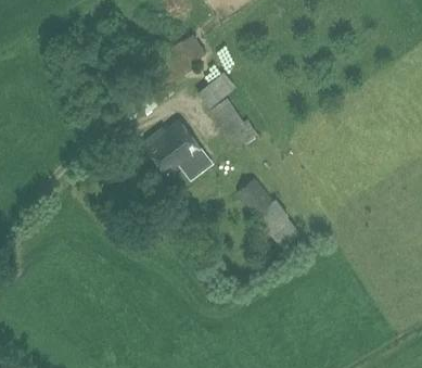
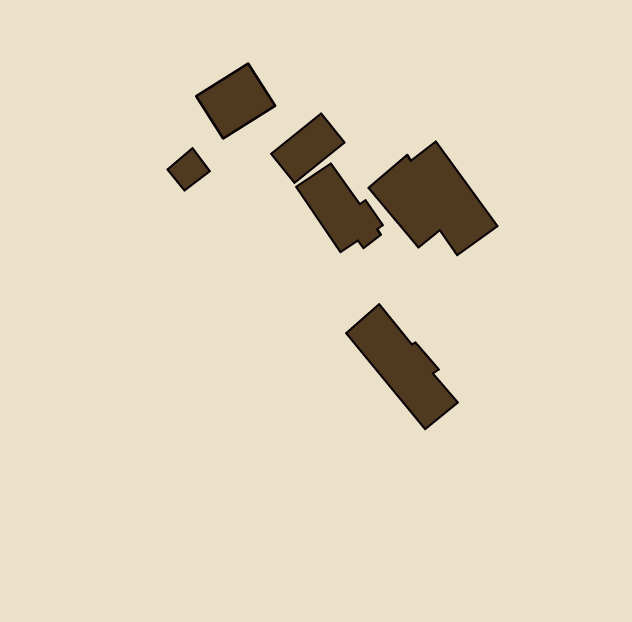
building: [140,118,213,182] -> [369,141,498,255]

